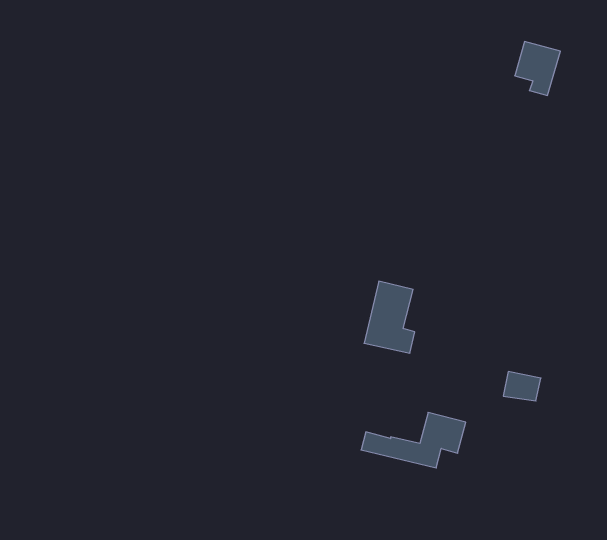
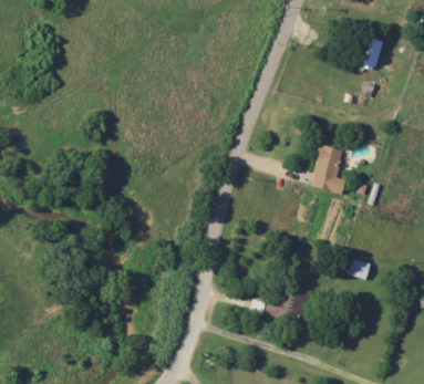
building: [364,281,415,353] -> [310,145,344,194]

